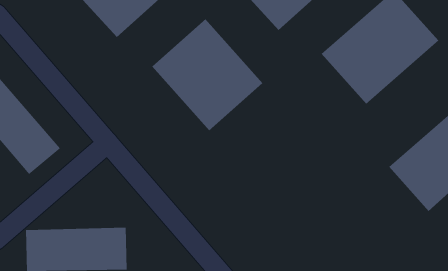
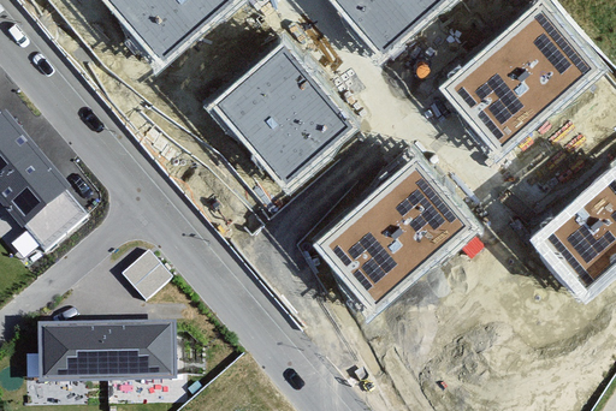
building: none -> [312,154,475,314]
building: none -> [120,249,171,300]

